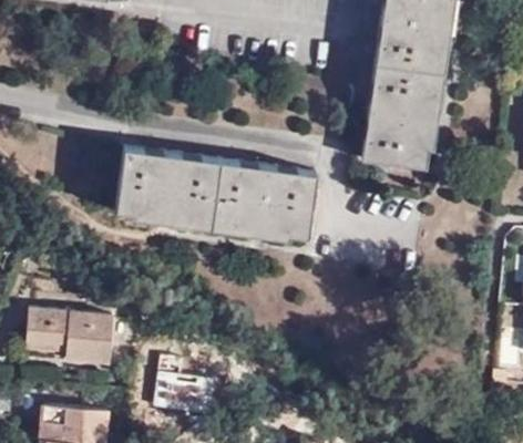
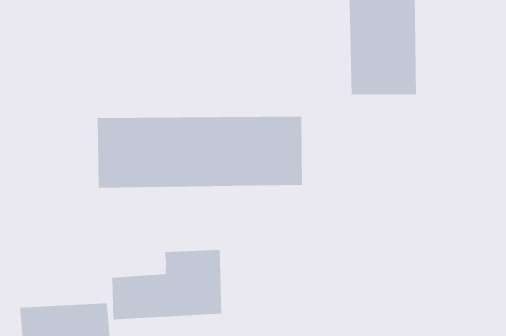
building: none -> [111,249,222,320]

